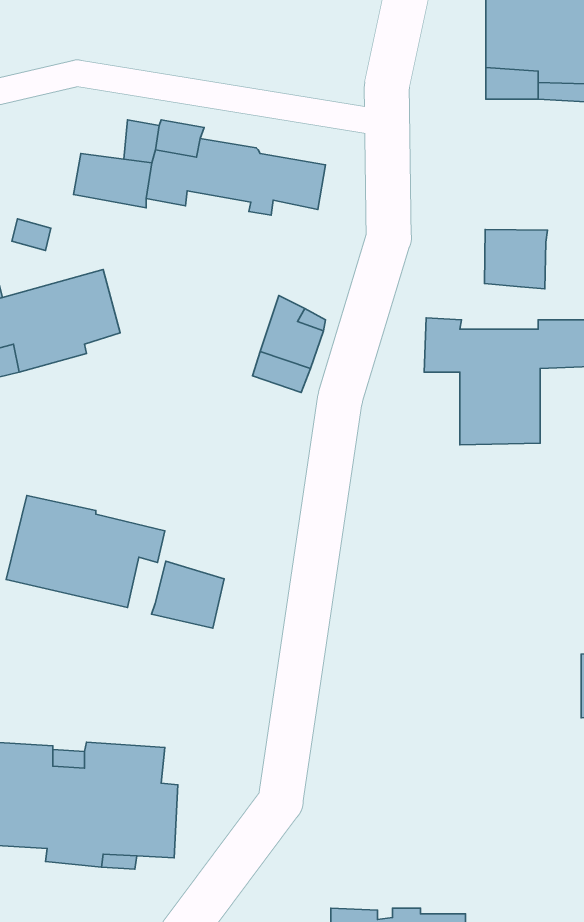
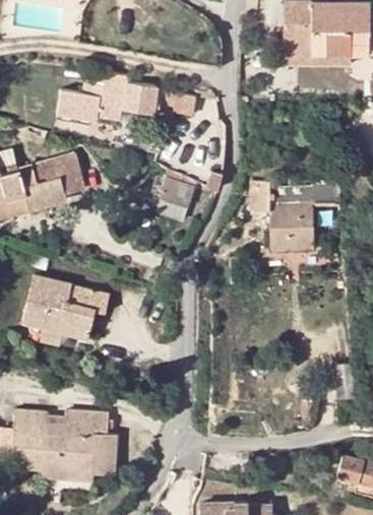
building: [485,229,547,289] -> none
building: [151,561,224,628] -> none

